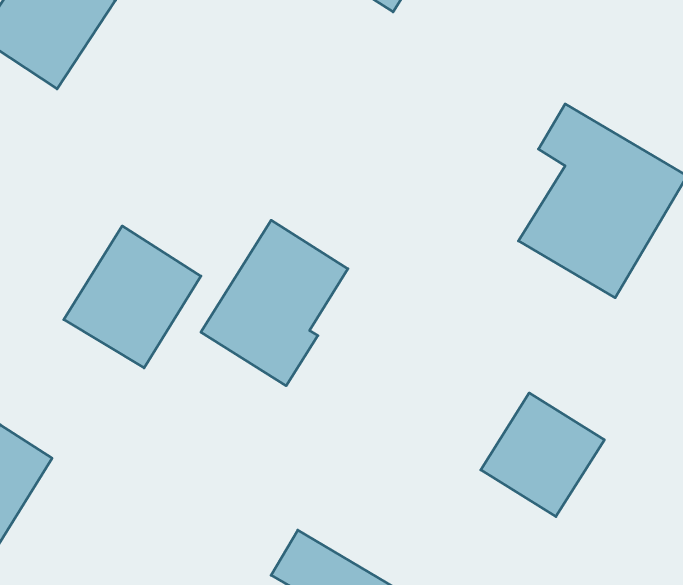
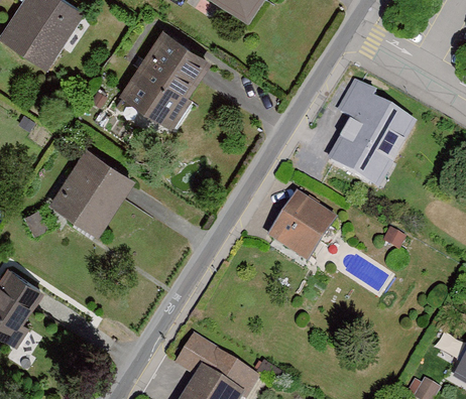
building: [201,220,348,386] -> [120,29,209,129]
building: [481,393,604,517] -> [267,190,342,265]

